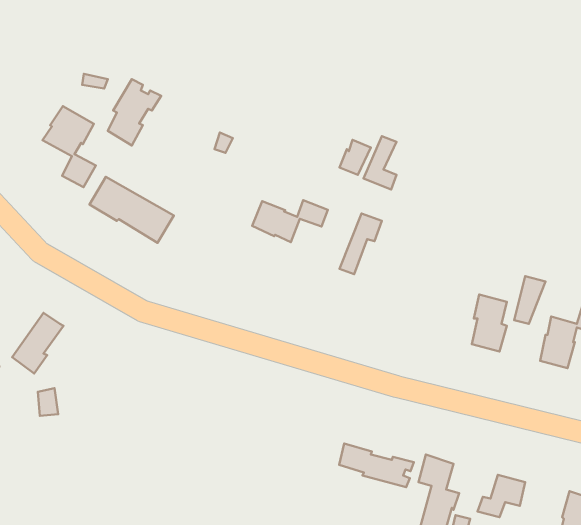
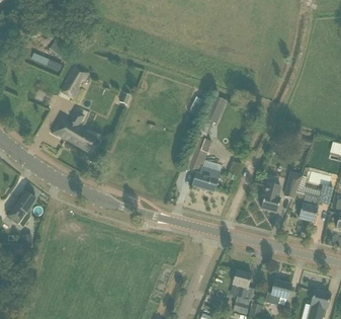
building: [43,106,96,187] -> none
building: [252,200,328,242] -> none
building: none -> [192,166,220,191]
building: [339,444,414,487] -> none

